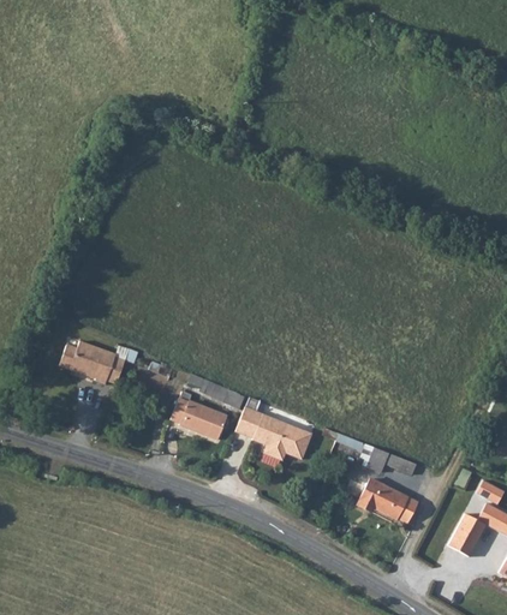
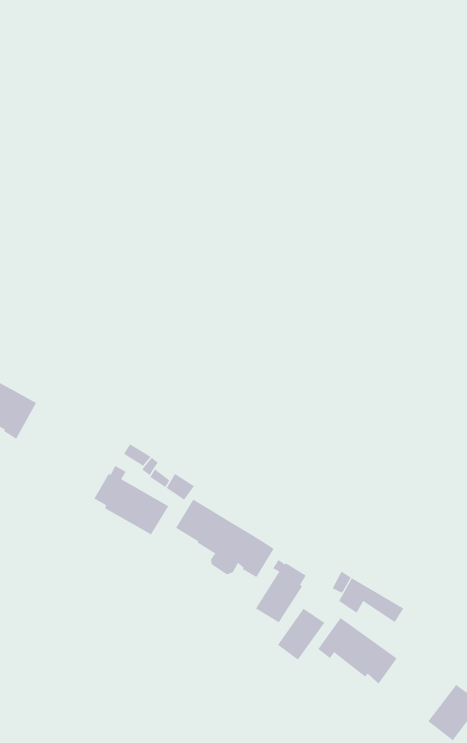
building: none -> [255,559,307,623]
building: none -> [277,608,325,661]

